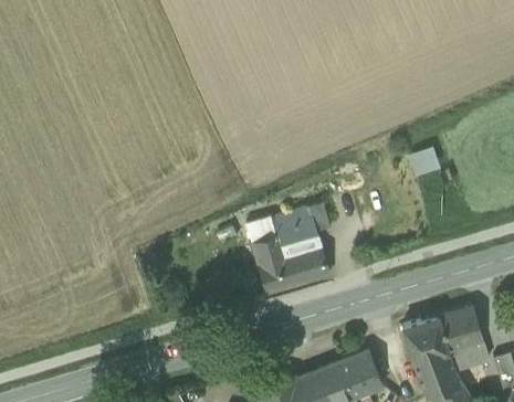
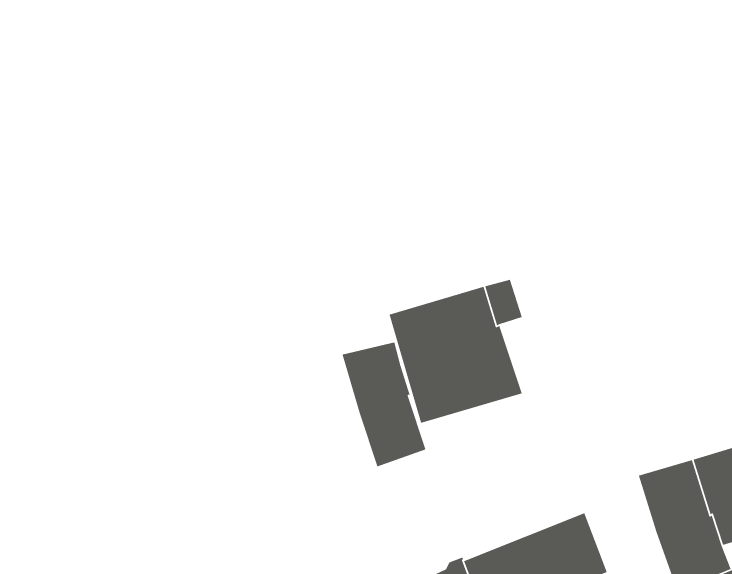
building: [410,146,442,177] -> none
building: none -> [342,341,426,468]

